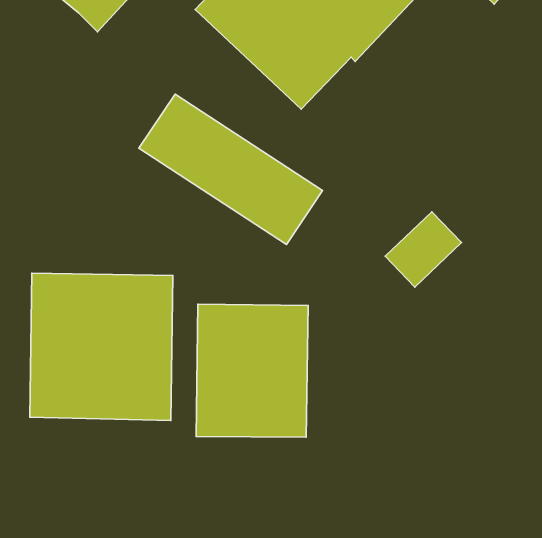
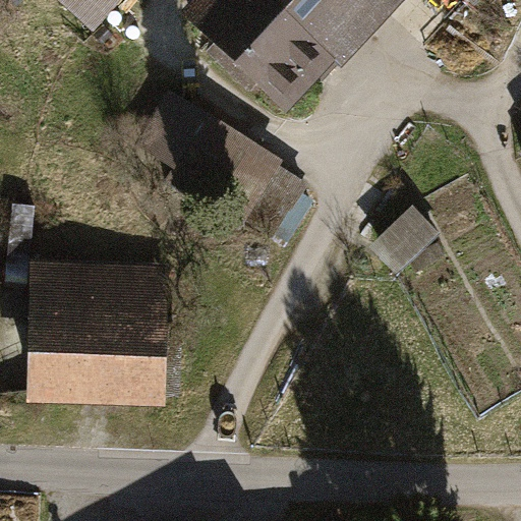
building: [196,304,308,437] -> none

